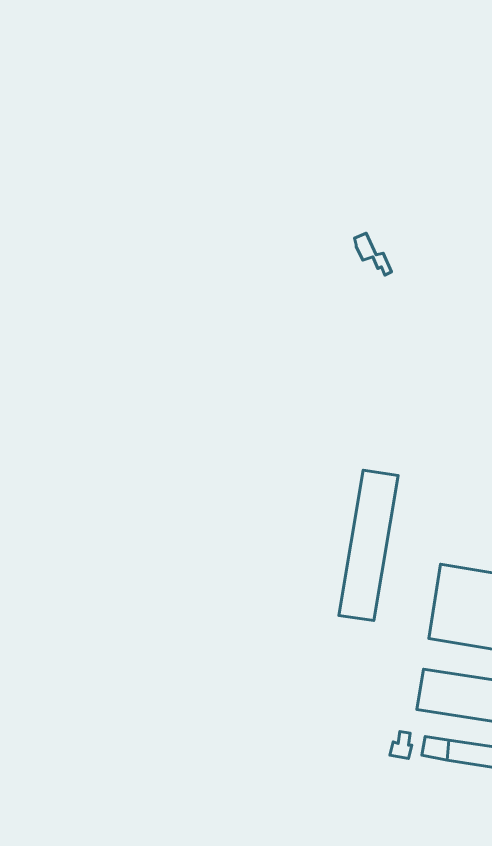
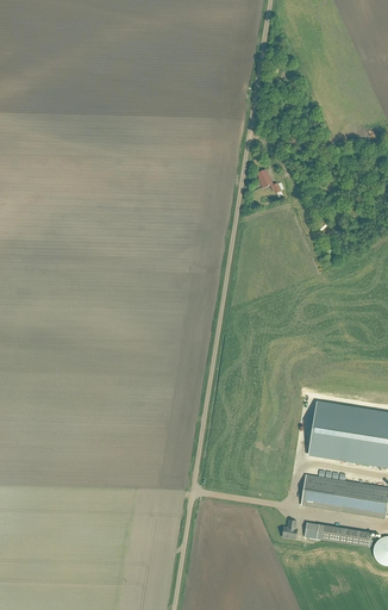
building: [339,470,398,621] -> none

